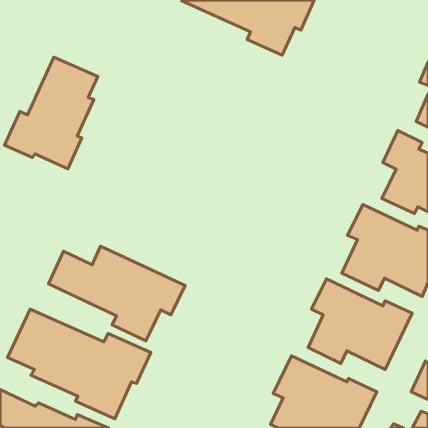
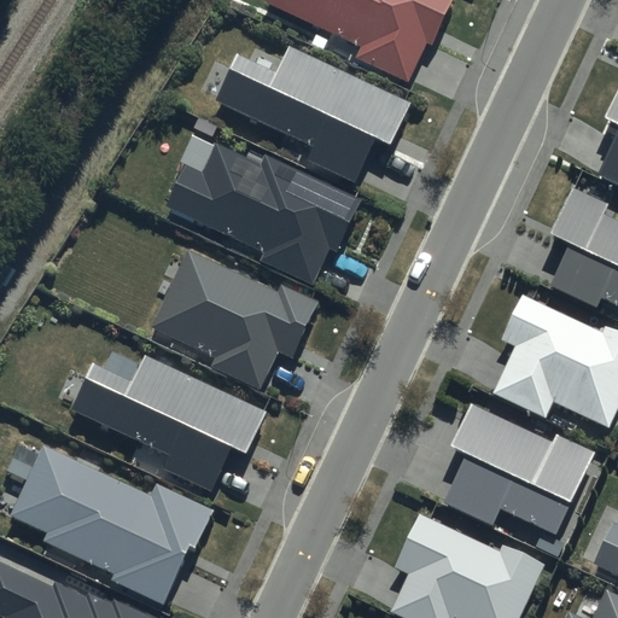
building: none -> [215,46,413,183]
building: [5,57,98,169] -> none
building: none -> [165,142,363,284]
building: none -> [152,249,320,390]

